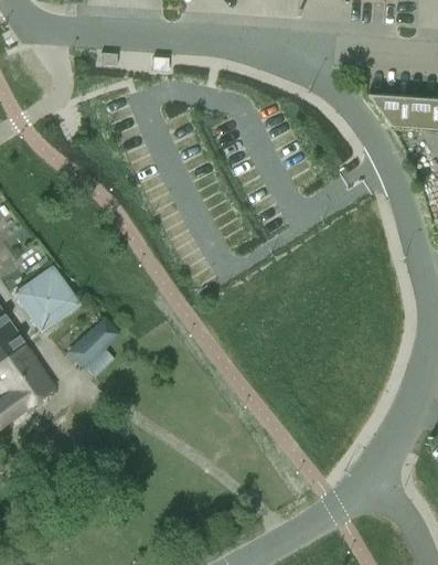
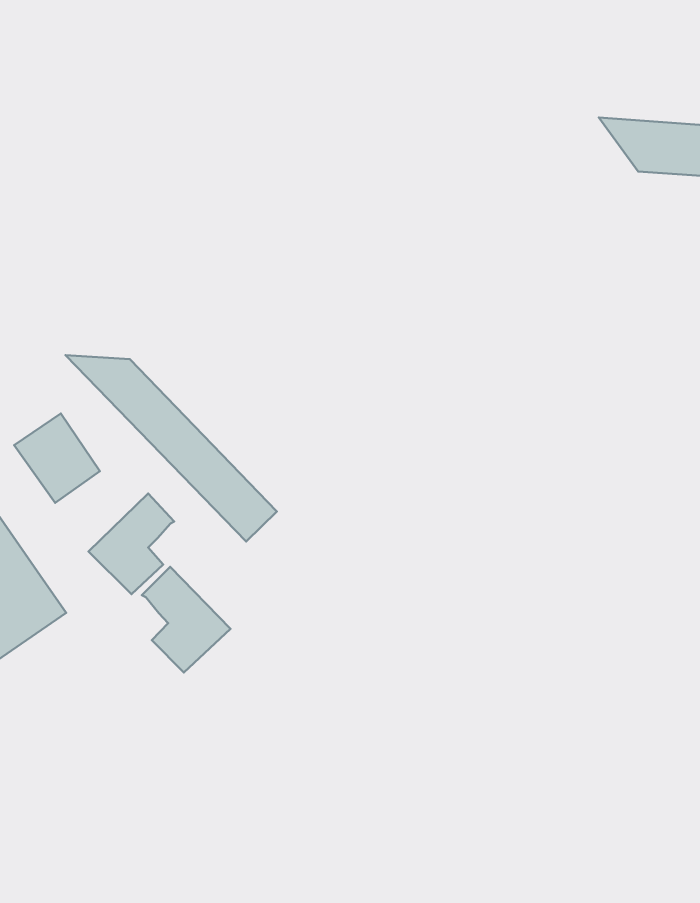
building: none -> [65,355,277,541]
building: none -> [142,567,230,672]

